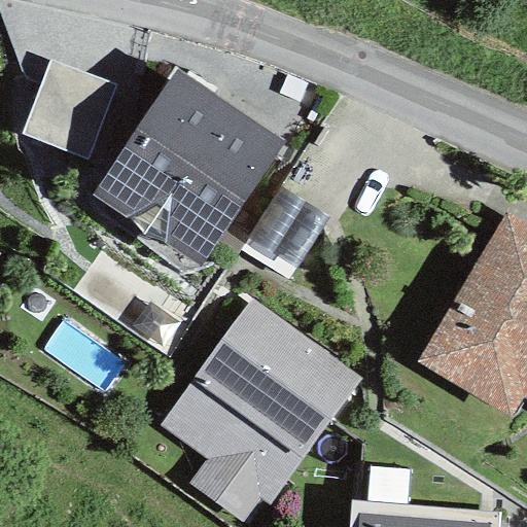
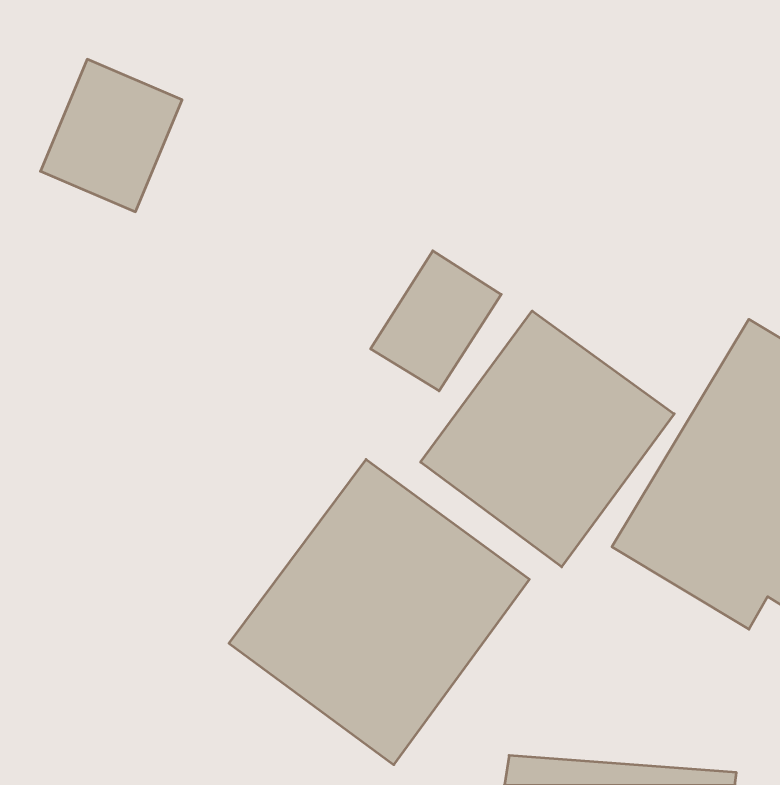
building: [91,79,269,261] -> none
building: none -> [421,311,674,567]

